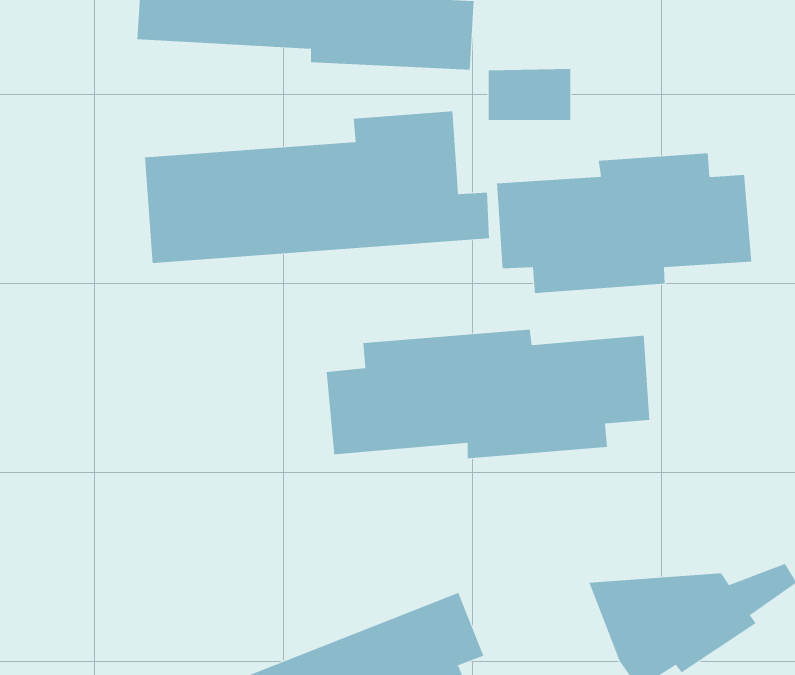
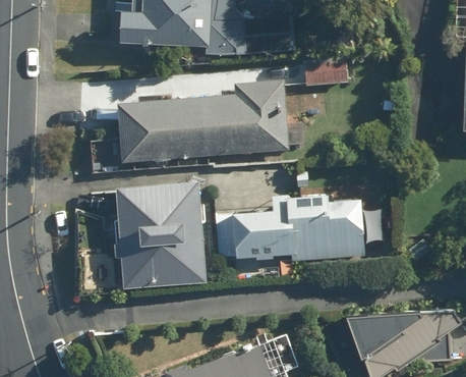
building: [497,152,752,294] -> none
building: none -> [110,183,206,290]

